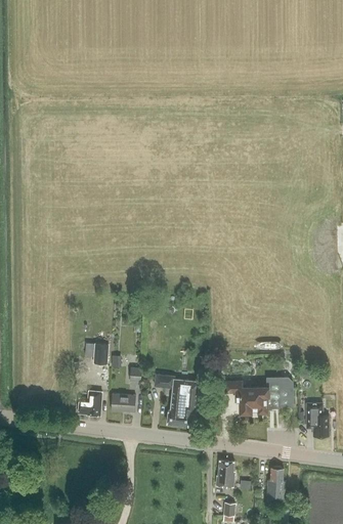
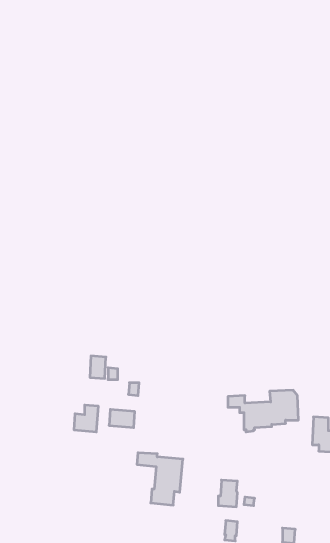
building: [152,377,196,427] -> [137,453,183,505]
building: [265,470,285,504] -> none

